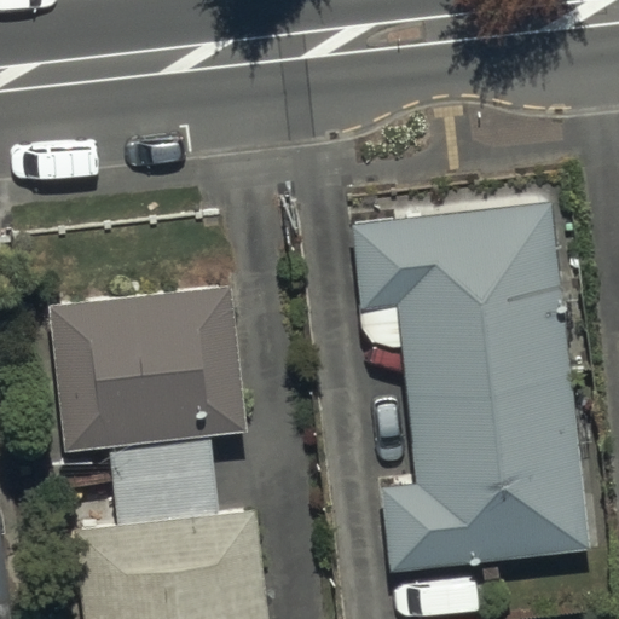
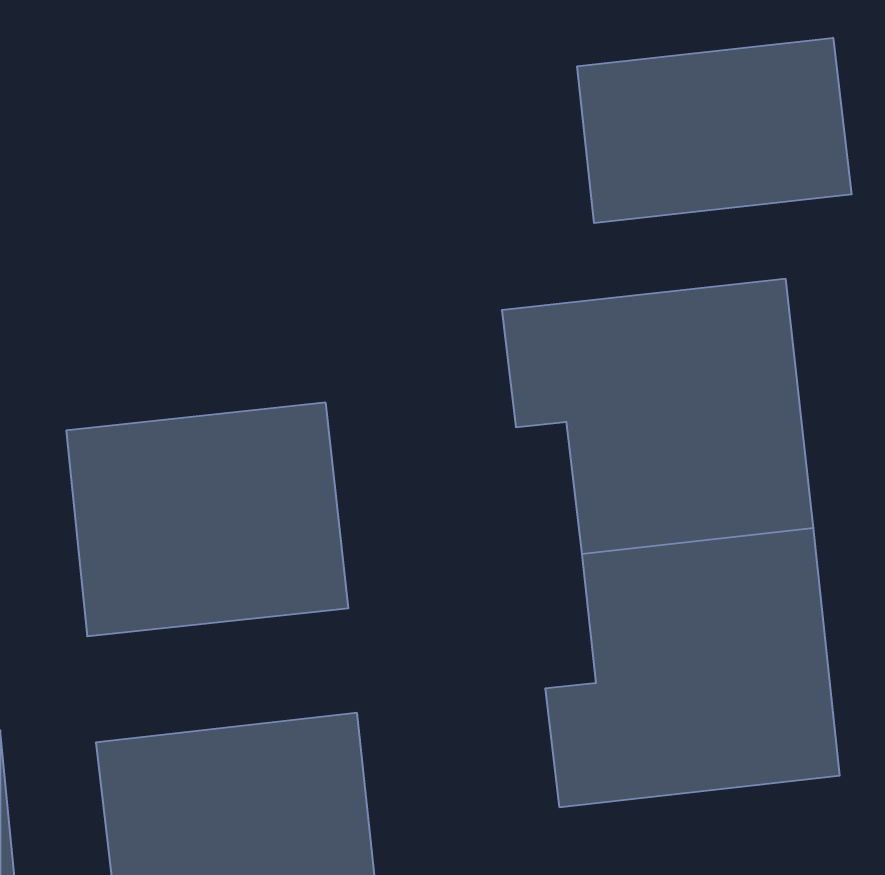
building: none -> [577,38,852,223]

